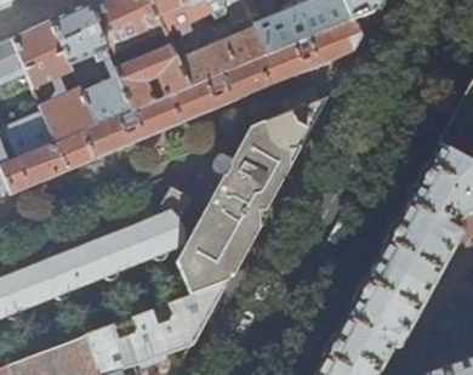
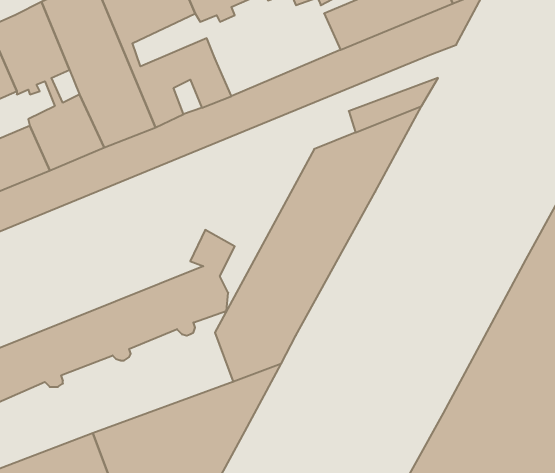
building: [177,27,269,87] -> none

